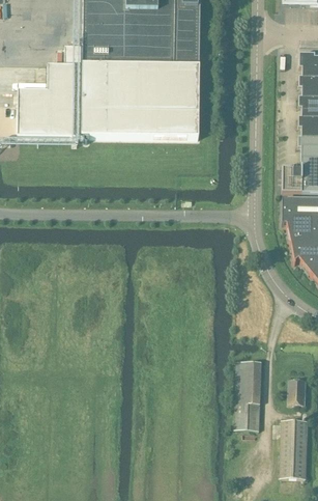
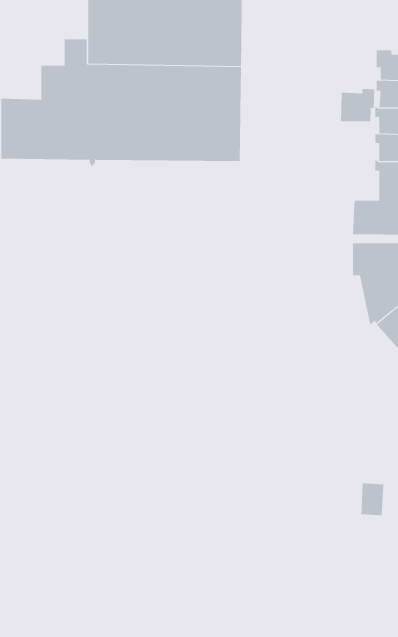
building: none -> [340,88,375,122]
building: [234,360,261,429] -> none
building: [280,418,308,477] -> none

